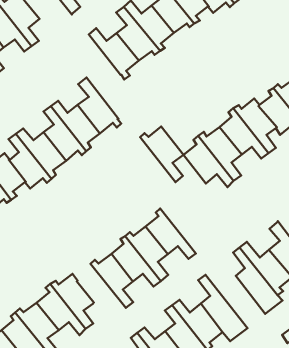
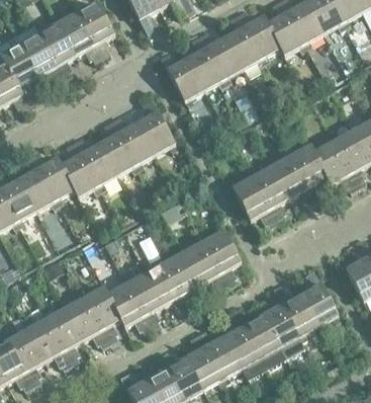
building: [140,126,184,182] -> [202,229,242,286]
building: none -> [109,278,153,332]
building: none -> [236,303,287,367]

